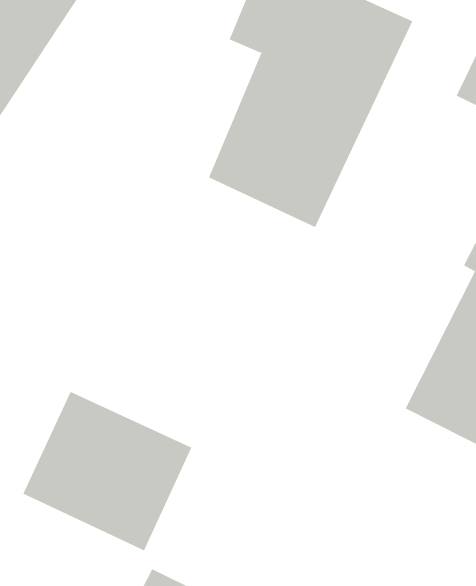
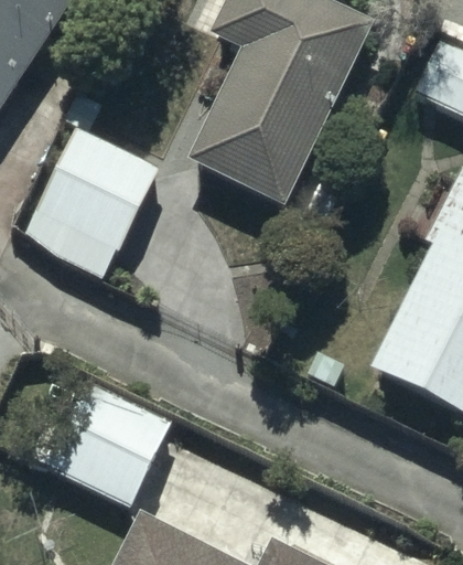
building: none -> [19,88,160,277]

